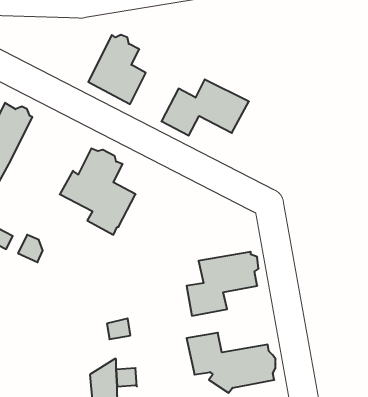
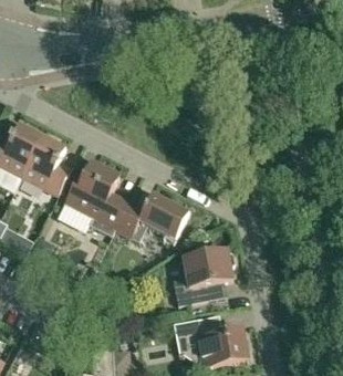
building: [88,35,146,104] -> [22,137,71,196]
building: [161,79,249,136] -> [115,195,189,242]

